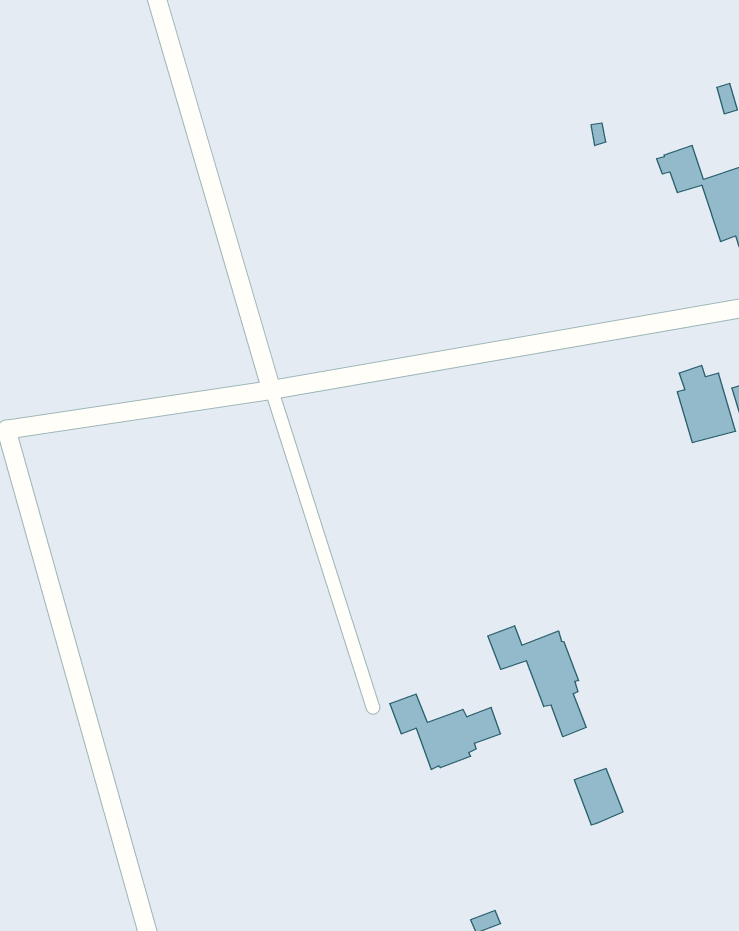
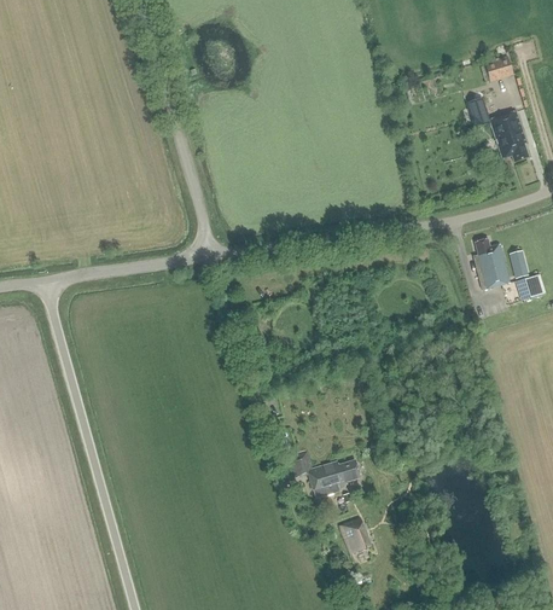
building: [488,626,586,737] -> none
building: [574,769,623,825] -> [338,517,369,553]

